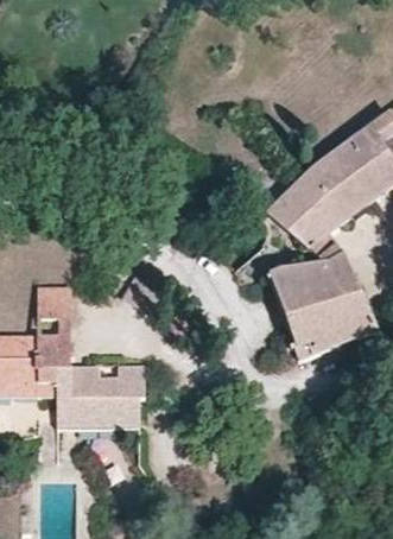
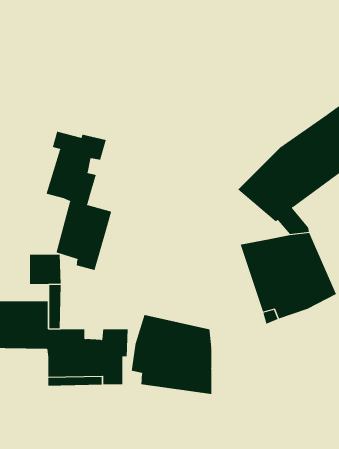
building: none -> [46,131,112,271]
building: none -> [131,314,212,395]

